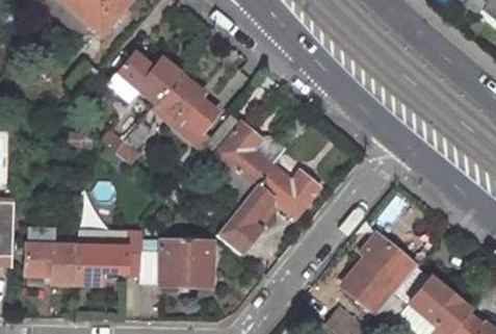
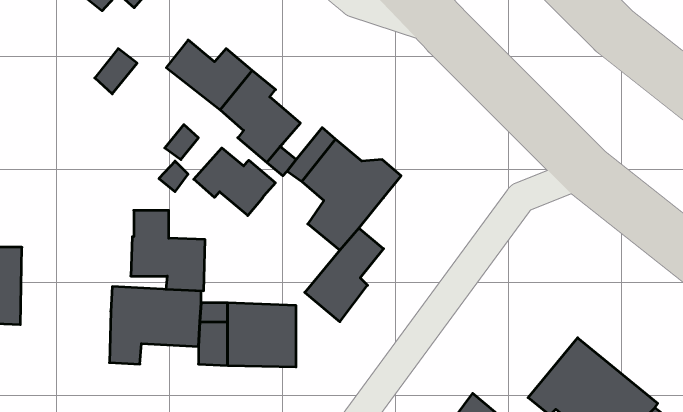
building: none -> [194,148,275,216]
building: [259,165,321,219] -> none
building: [29,226,82,283] -> [131,210,205,291]
building: [348,236,415,313] -> none

